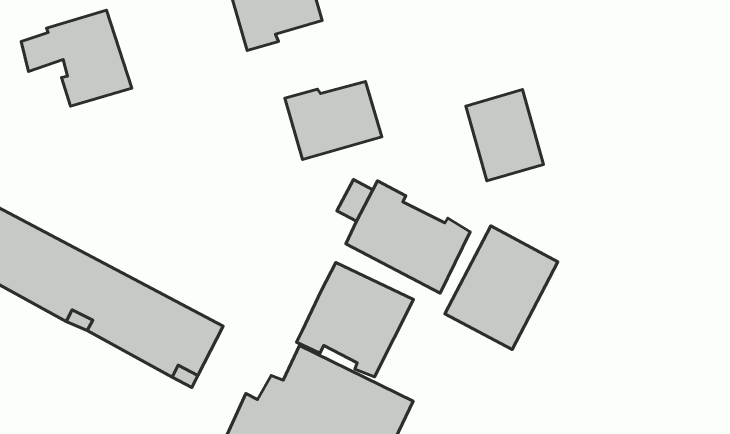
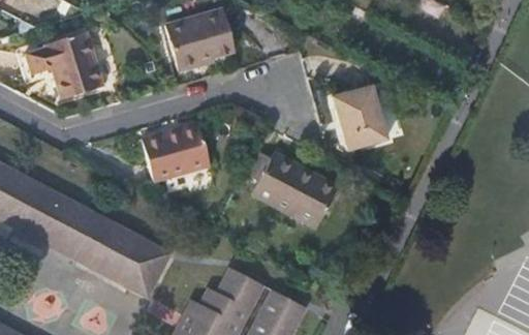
building: [285,82,382,159] -> [144,128,211,182]
building: [445,226,558,350] -> none
building: [297,262,413,377] -> none

